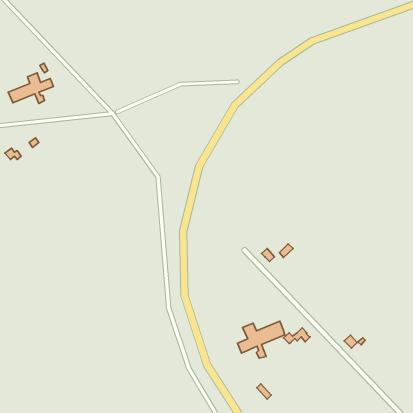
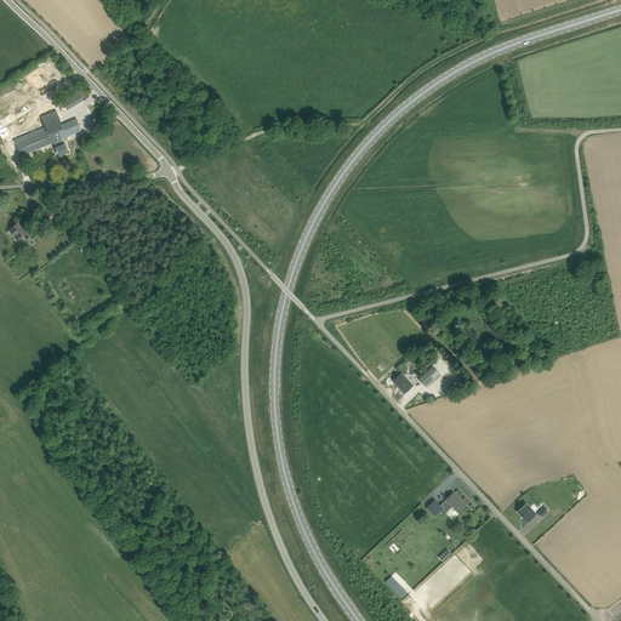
building: [237,321,285,358] -> none

